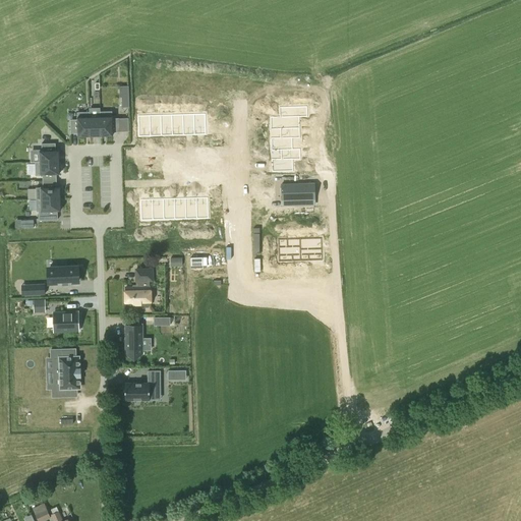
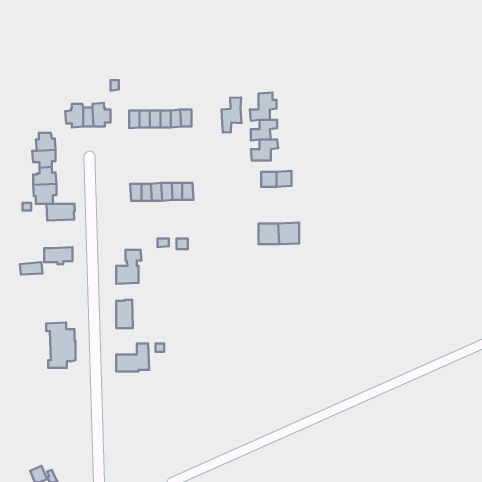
building: none -> [222,97,241,133]
building: none -> [47,204,75,221]
building: [53,310,79,333] -> none

